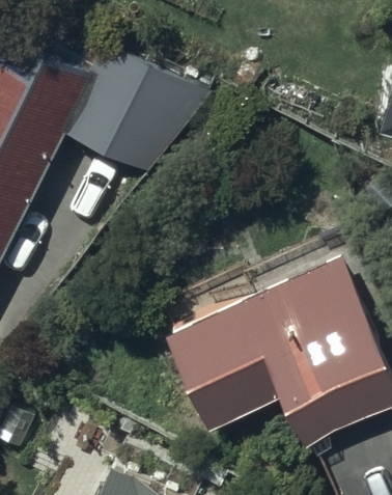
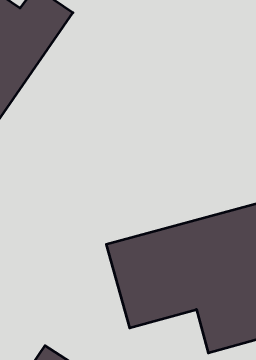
building: [79,61,203,183] -> none

